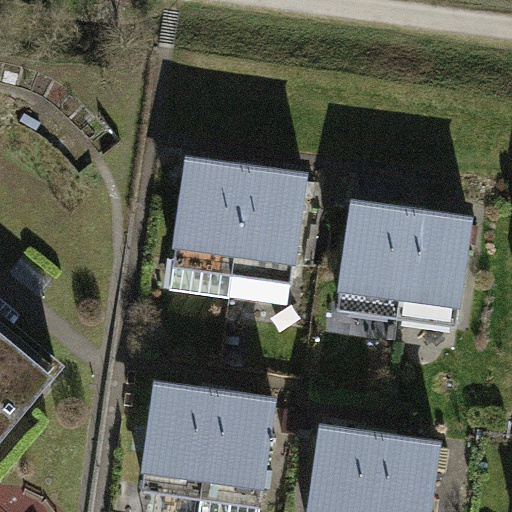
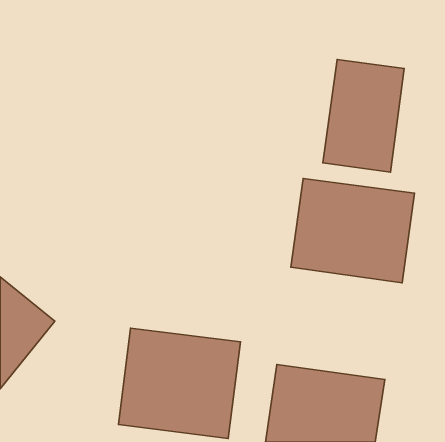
building: none -> [323,60,404,172]
building: [165,163,307,304] -> none

